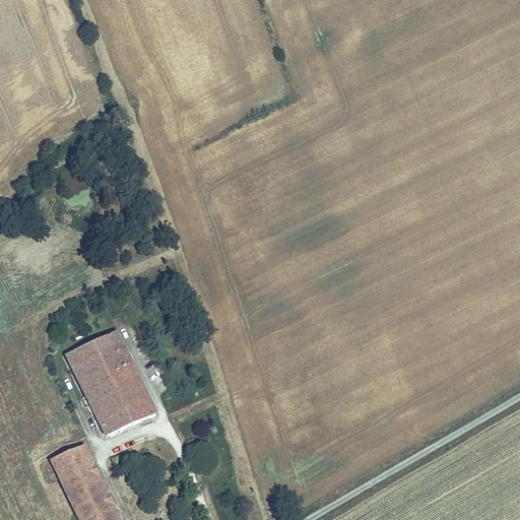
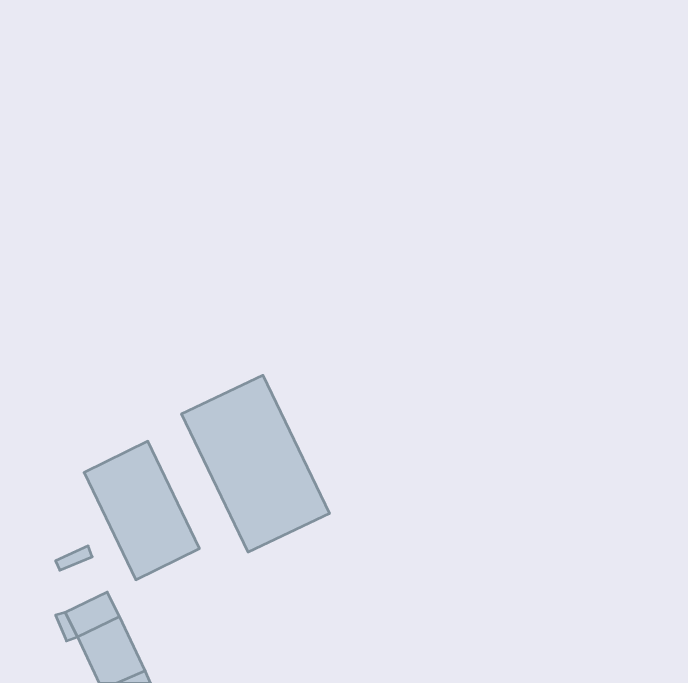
building: none -> [182,375,329,552]

